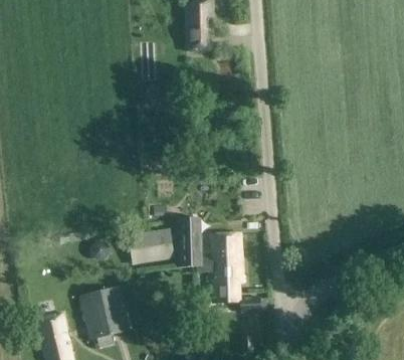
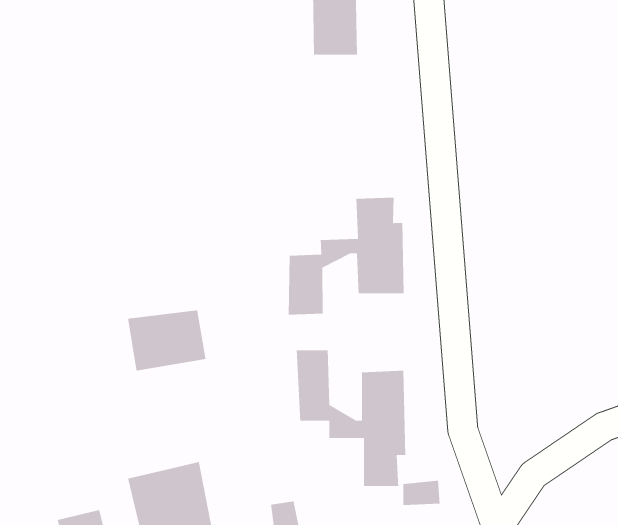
building: none -> [288,197,405,315]
building: [129,228,175,264] -> [127,310,206,372]

